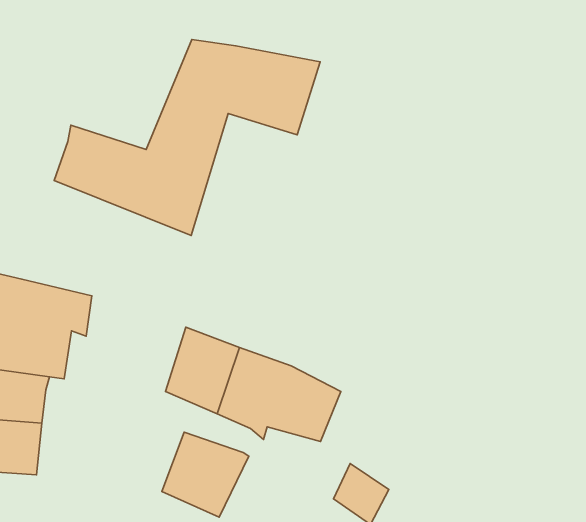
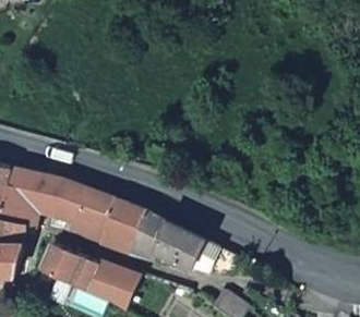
building: [54,39,320,235] -> none
building: none -> [57,182,116,239]
building: none -> [55,244,115,297]

